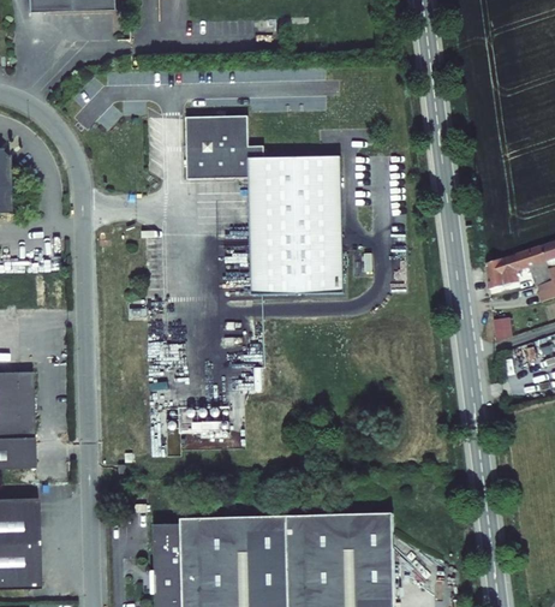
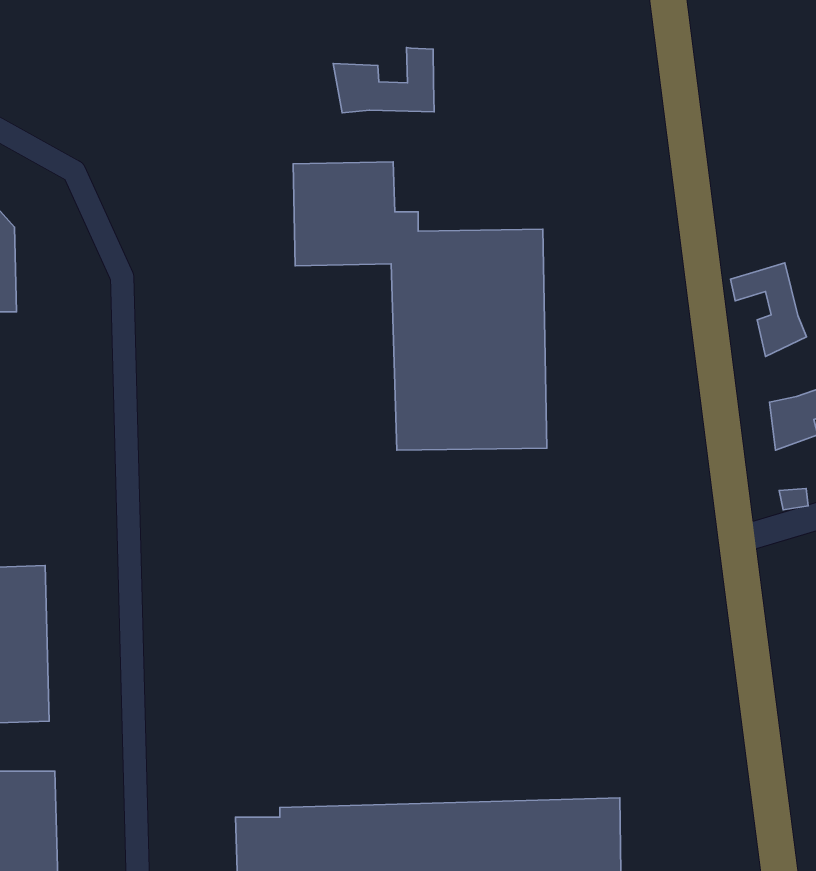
building: none -> [333,47,434,113]
building: none -> [730,263,807,356]

